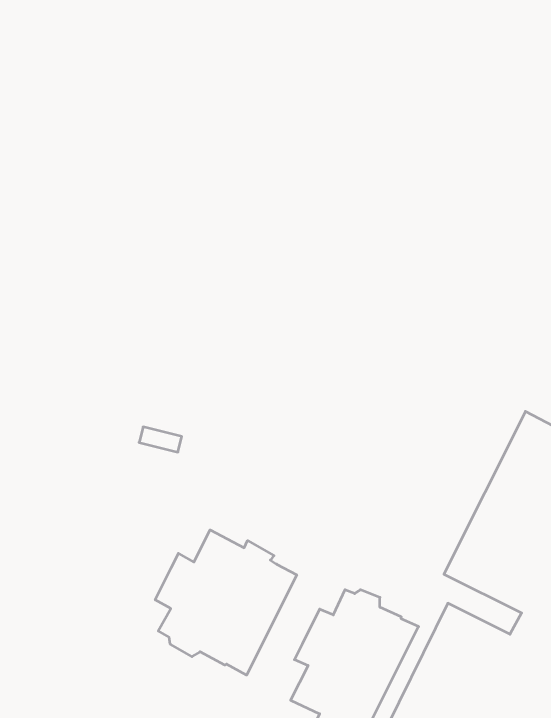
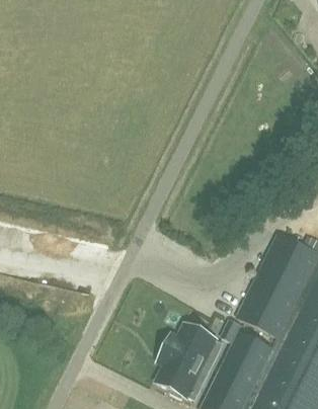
building: [155,530,297,675] -> none

